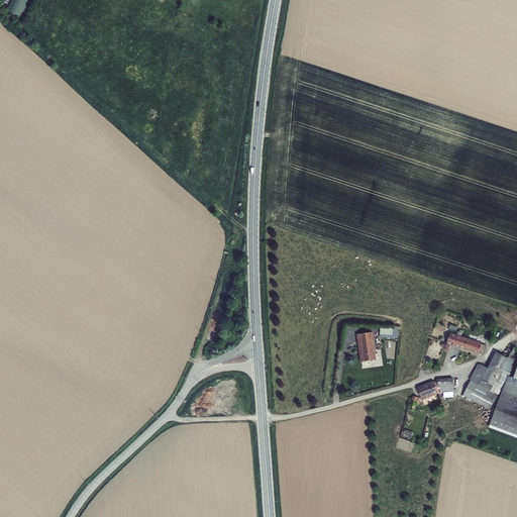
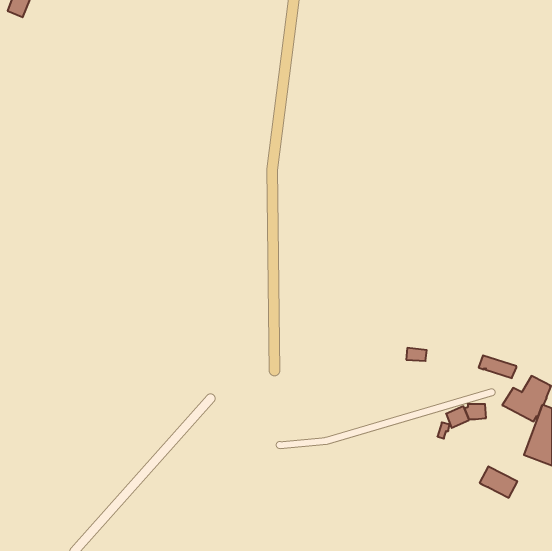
building: [356,331,377,361] -> none
building: [463,380,499,409] -> [480,466,517,498]

